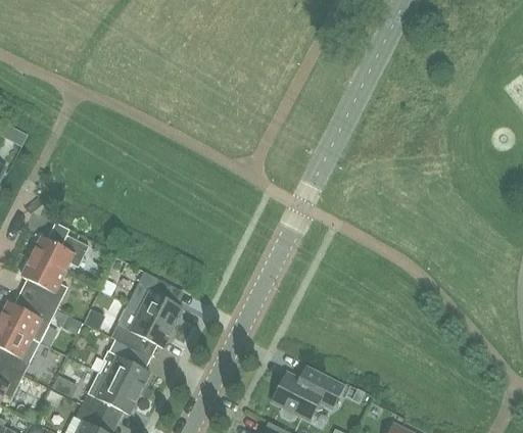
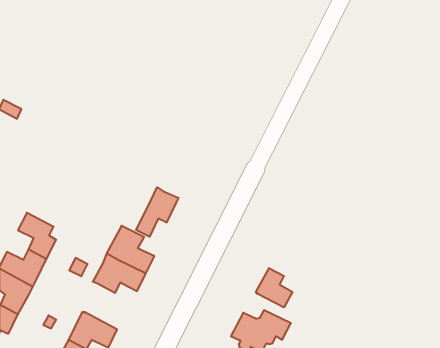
building: none -> [136,187,179,237]
building: [33,234,89,272] -> none
building: none -> [256,268,292,307]
building: [100,338,150,392] -> none

